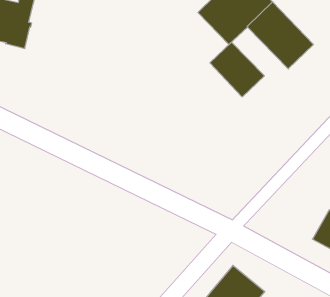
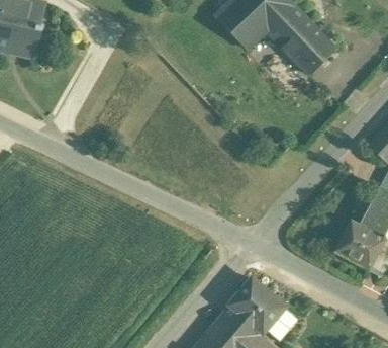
building: [210,42,264,97] -> none

